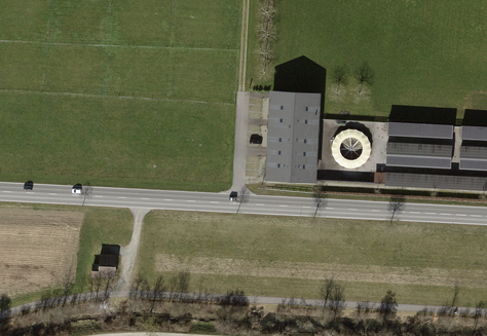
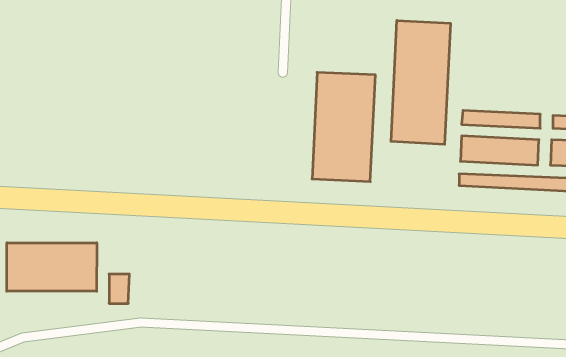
building: none -> [391,20,450,144]
building: none -> [7,243,97,291]

